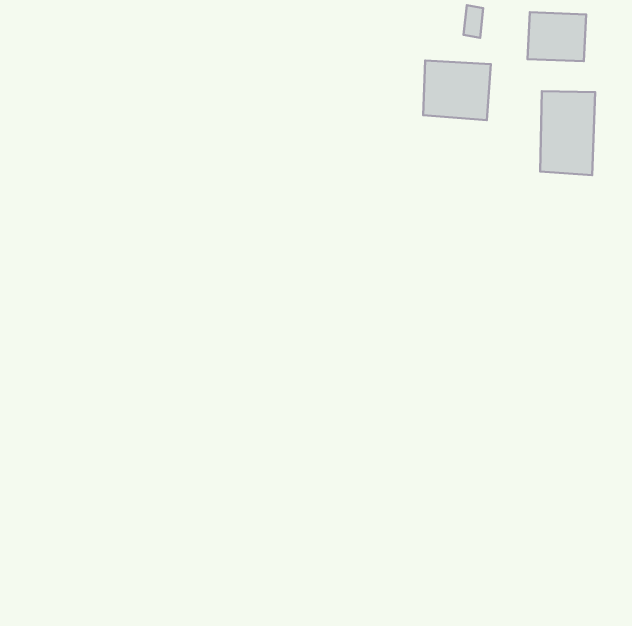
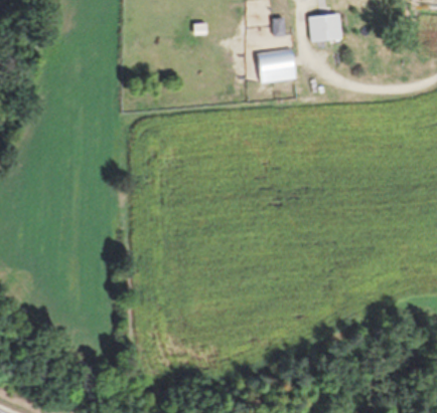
building: [540,91,595,175] -> none

